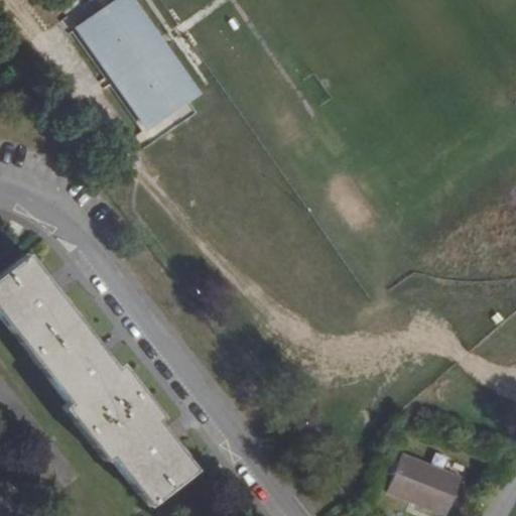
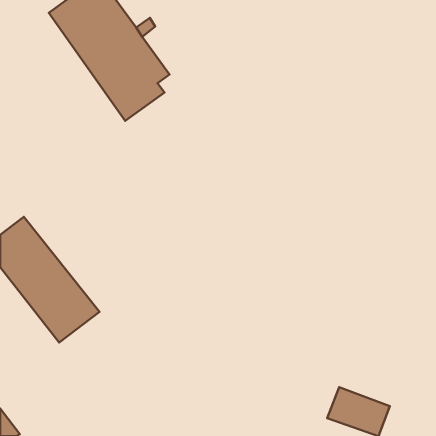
building: [68,363,200,506] -> none

